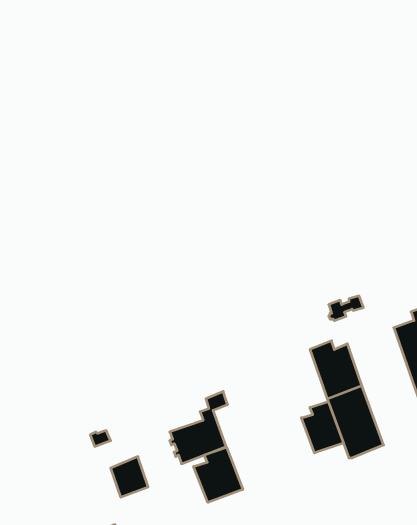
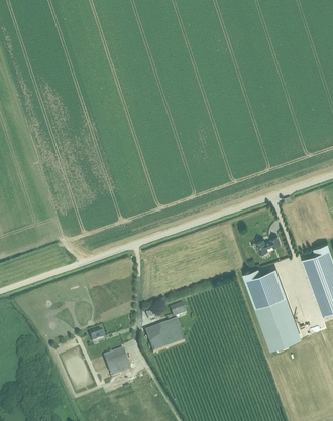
building: [301,402,343,453] -> none
building: [194,447,243,502] -> none

